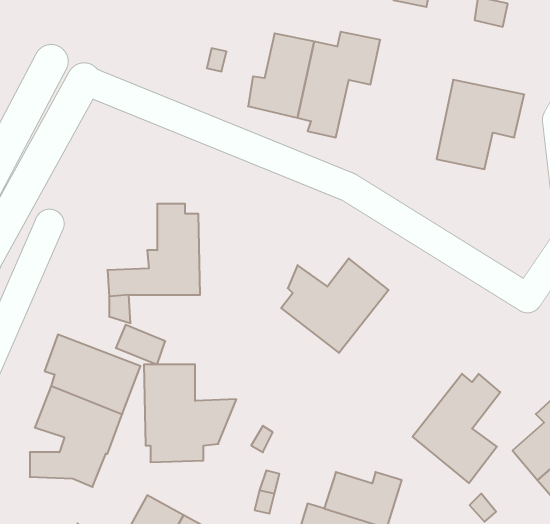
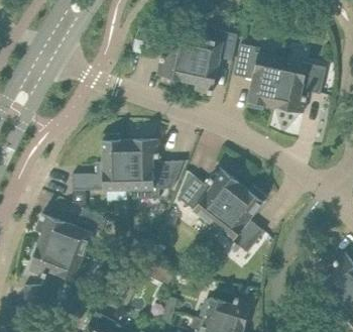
building: none -> [233,44,282,111]
building: [144,364,236,462] -> [127,139,184,199]
building: [413,374,500,483] -> [213,187,266,253]

